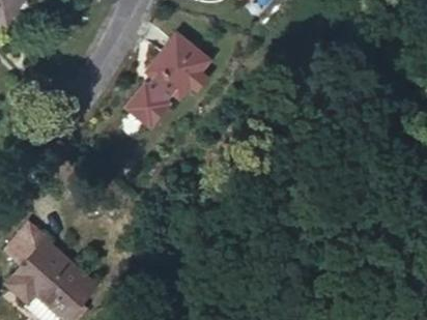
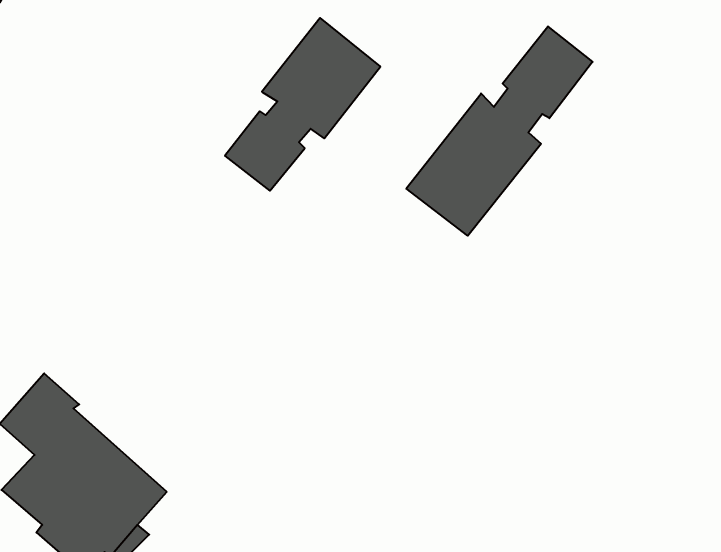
building: none -> [406,26,593,236]

